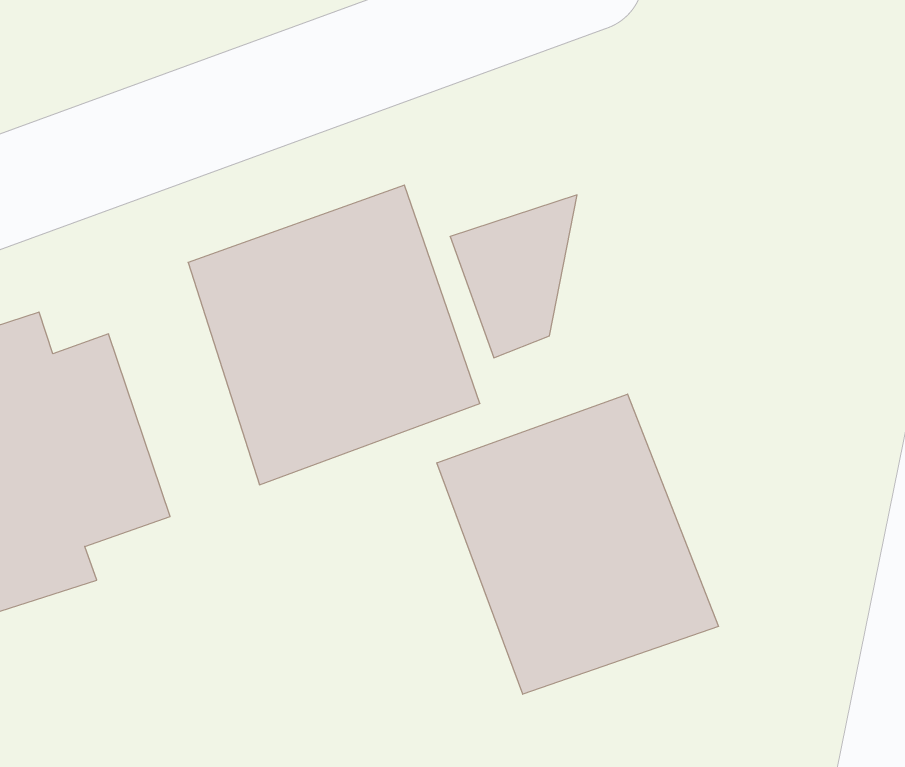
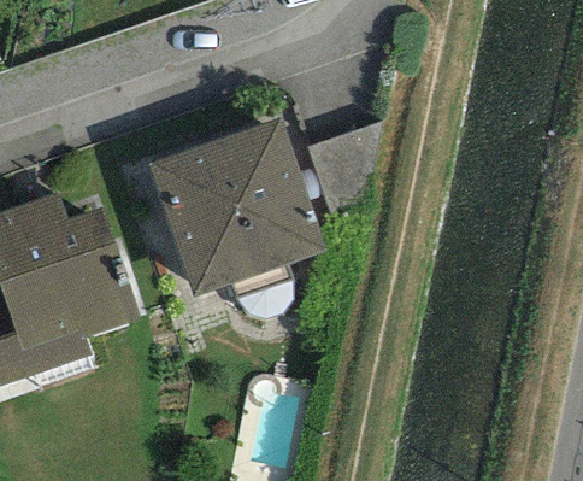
building: [437,394,719,694] -> none

